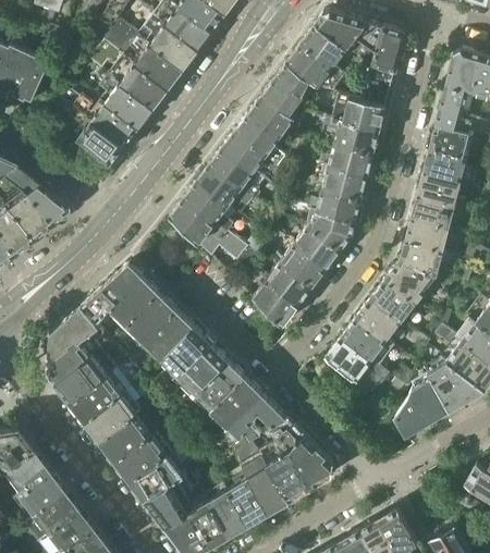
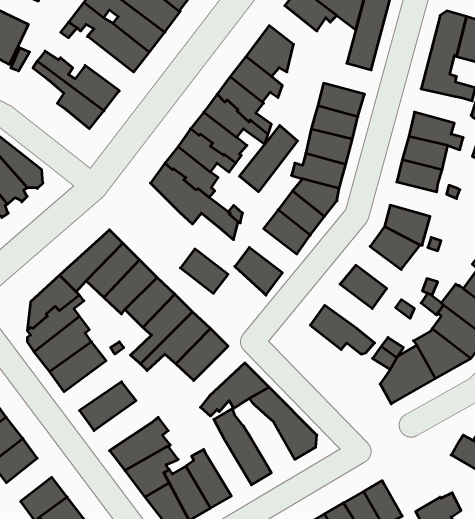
building: [285,45,343,94] -> none
building: [99,75,152,128] -> none
building: [332,95,385,132] -> none
building: [428,126,474,160] -> none
building: none -> [239,125,298,192]
building: [404,218,450,251] -> none
building: [266,263,313,307] -> [180,249,228,293]
building: [370,281,415,322] -> none
building: [340,318,387,361] -> none
building: [211,379,261,428] -> none
building: [84,393,140,442] -> none
building: [113,432,171,481] -> none
building: [266,437,310,503] -> none
building: [223,469,268,526] -> none
building: [27,489,72,531] -> none

